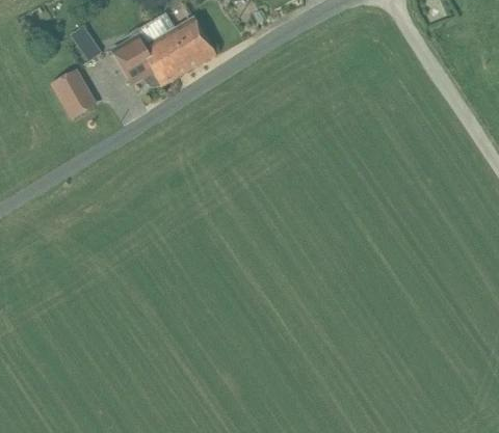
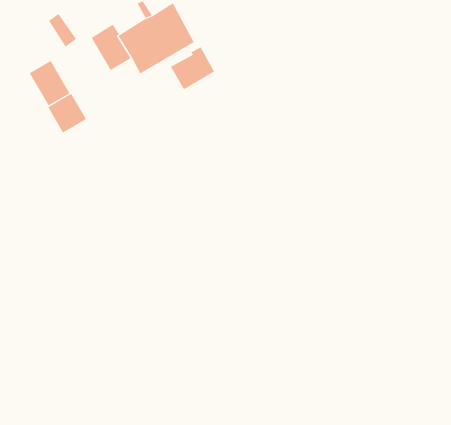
building: none -> [170,47,215,90]
building: none -> [47,93,87,134]

